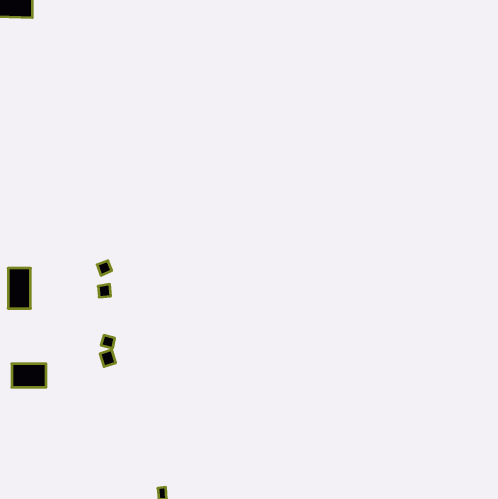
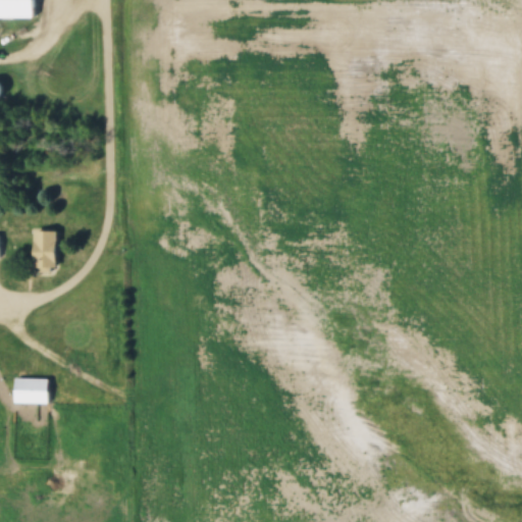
building: [8,268,31,308] -> [34,230,57,272]

